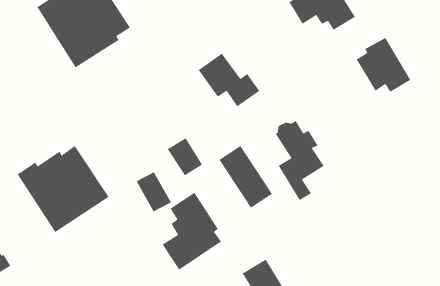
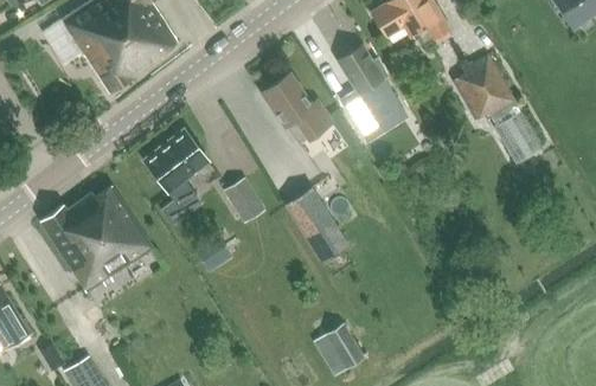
building: none -> [495,111,545,165]
building: none -> [143,127,212,206]
building: [275,120,324,201] -> [338,45,398,143]
building: [162,192,222,270] -> none

